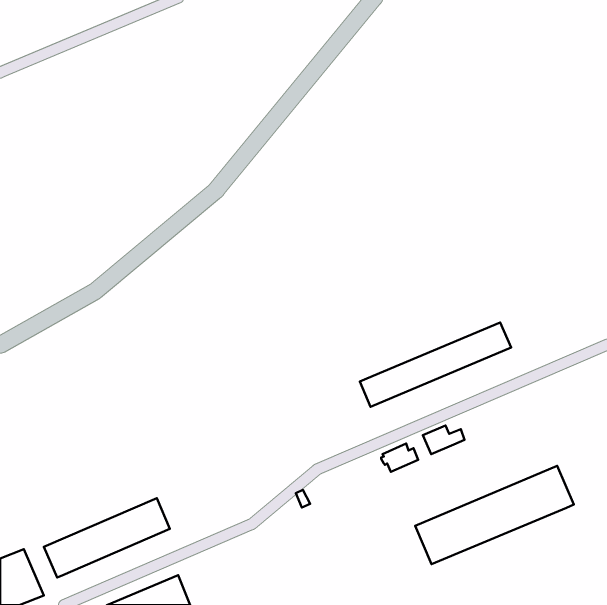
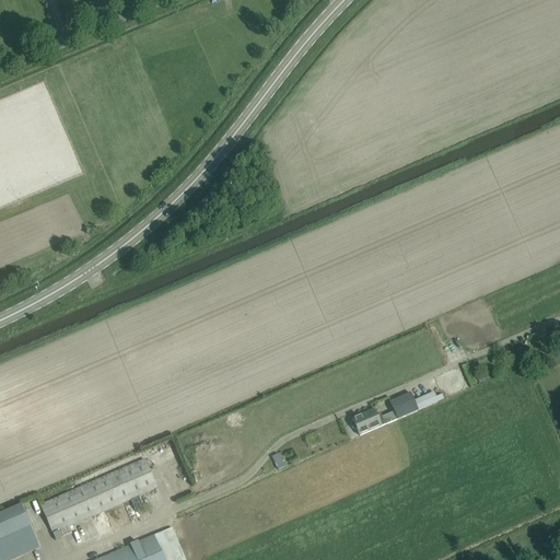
building: [360,322,511,407] -> none
building: [415,466,574,564] -> none

